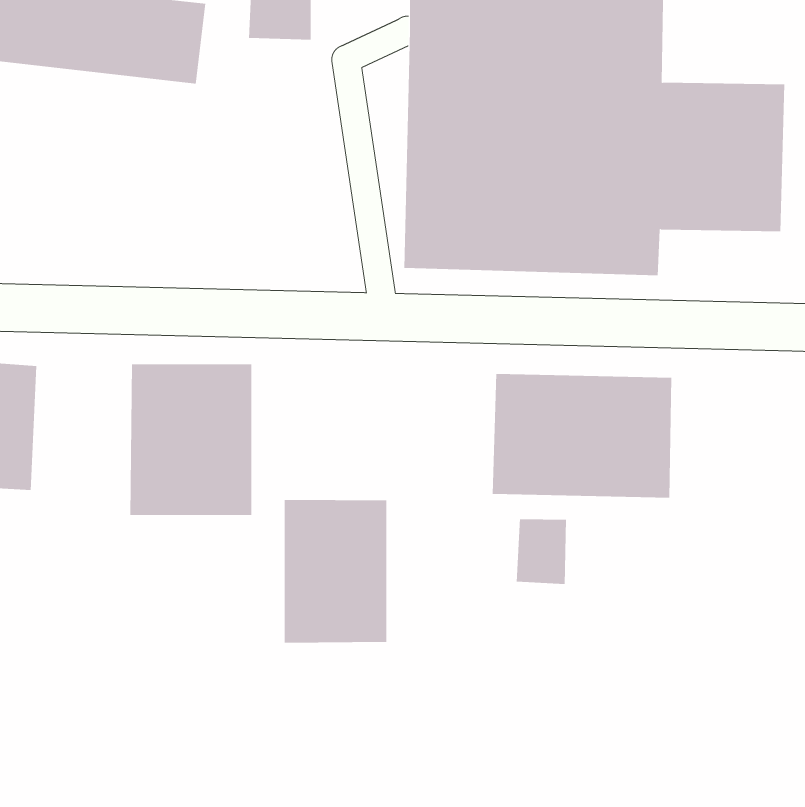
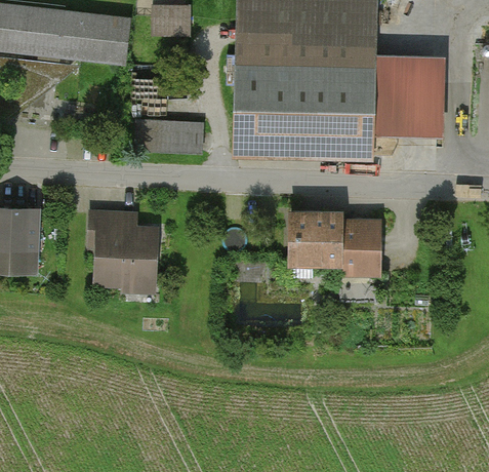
building: none -> [131,123,204,157]
building: [284,499,387,644] -> none
building: [516,519,567,585] -> none

